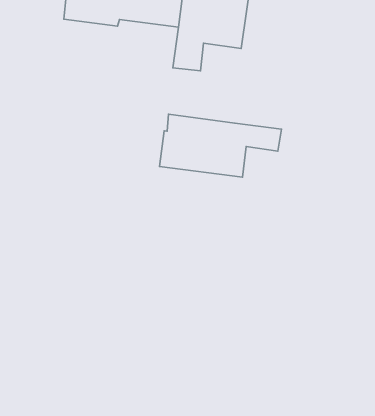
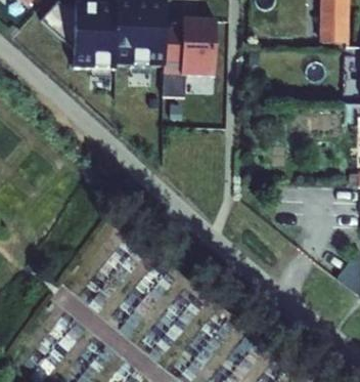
building: [160,114,282,177] -> none

